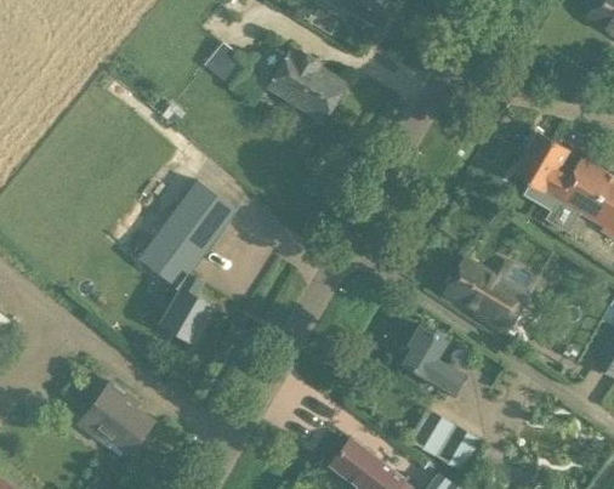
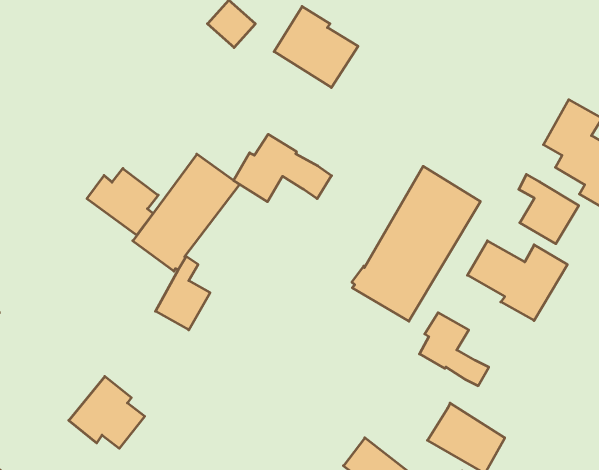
building: none -> [234,134,332,202]
building: none -> [352,166,480,321]
building: none -> [87,168,158,235]
building: none -> [519,174,579,244]

